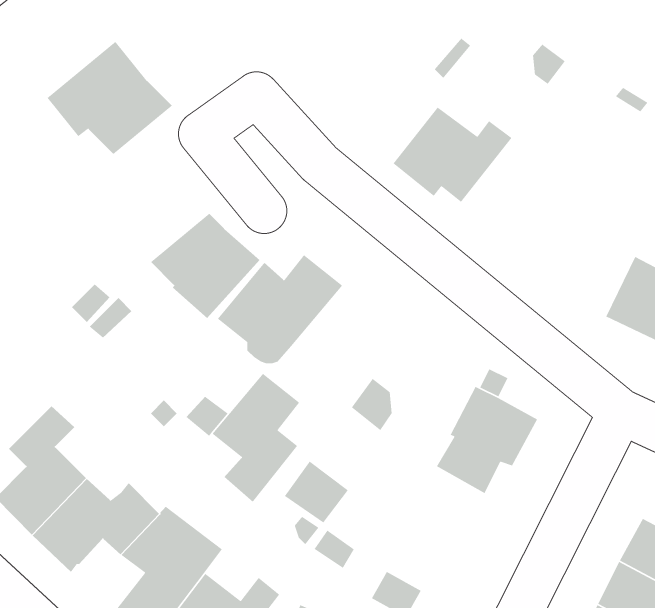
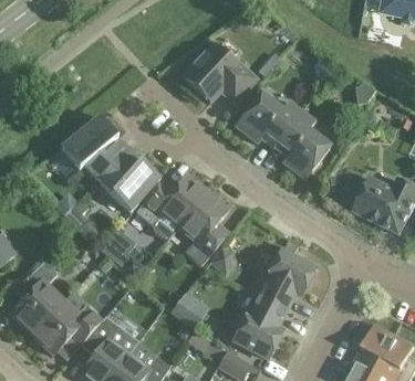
building: none -> [184,44,255,102]
building: [47,41,173,155] -> [60,116,131,180]
building: none -> [272,110,330,179]
building: [212,373,300,503] -> [177,193,227,266]
building: none -> [232,295,286,358]

